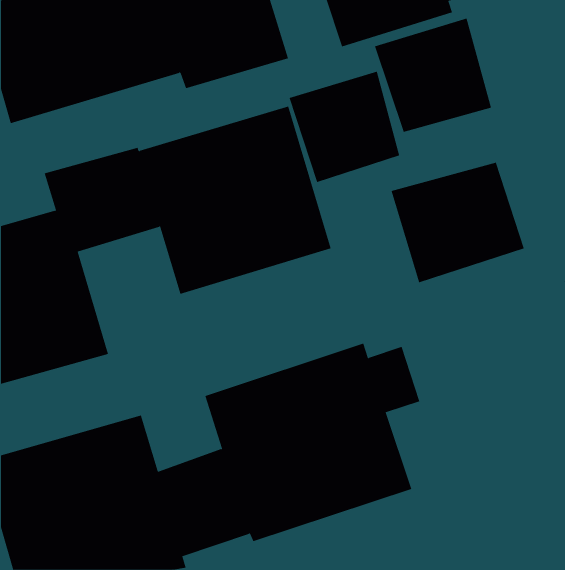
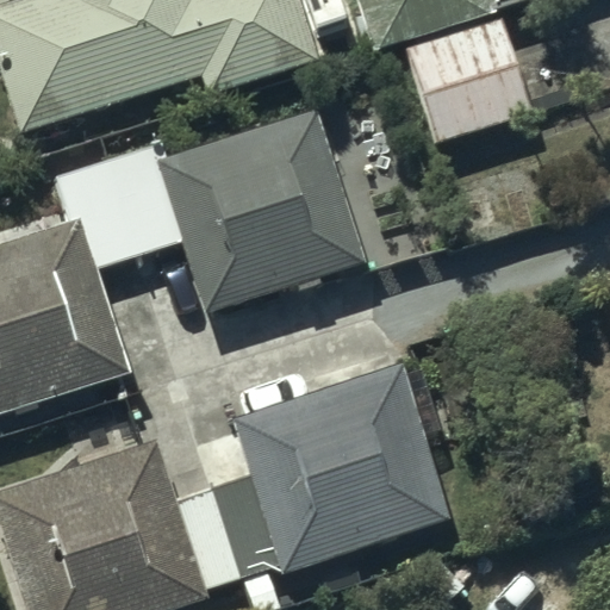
building: [289,71,400,183] -> none
building: [391,162,525,283] -> none

